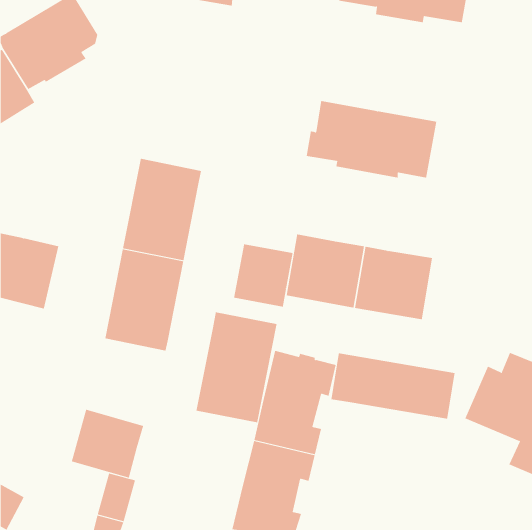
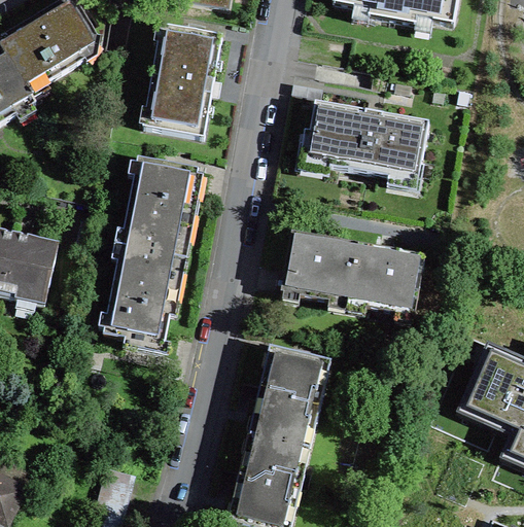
building: none -> [143,24,222,136]
building: [234,243,293,307] -> none
building: [196,312,277,423] -> none
building: [331,353,455,420] -> none
building: [71,409,144,478] -> none

